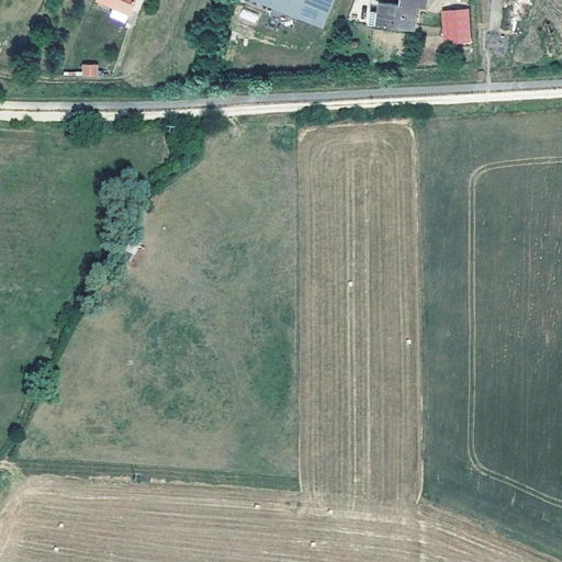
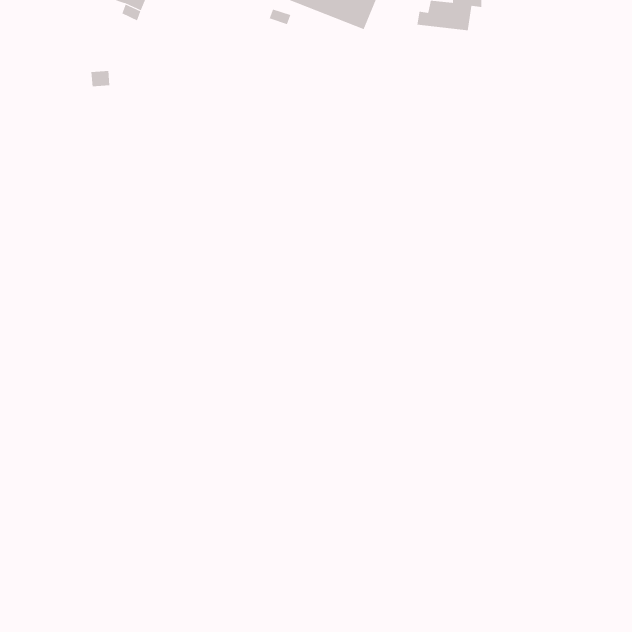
building: [441,9,471,44] -> none

